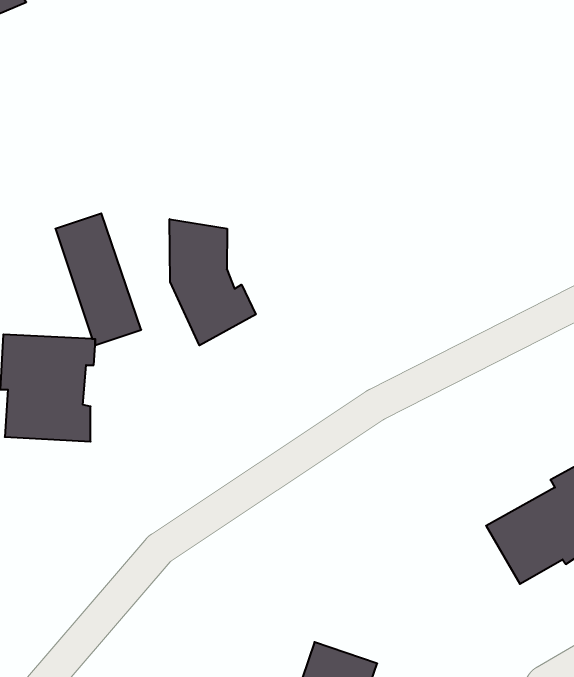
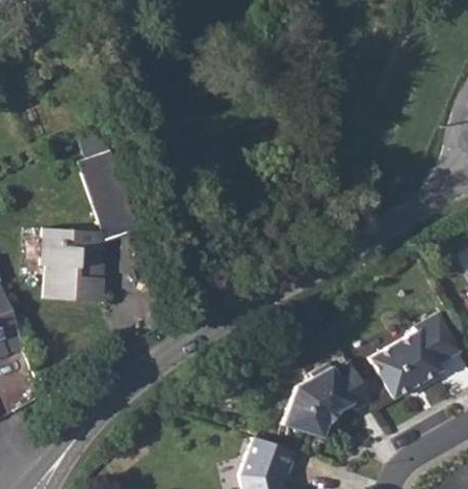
building: [170,219,256,345] -> none
building: none -> [281,363,370,439]

